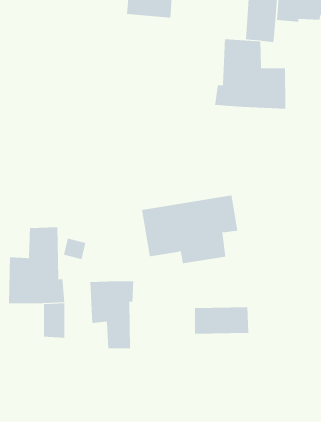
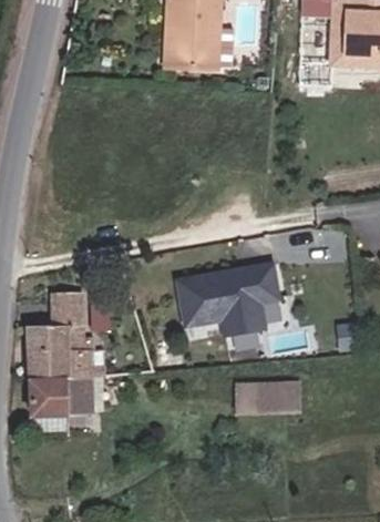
building: [215,39,286,109] -> none
building: [90,280,134,349] -> none
building: none -> [31,379,71,416]

